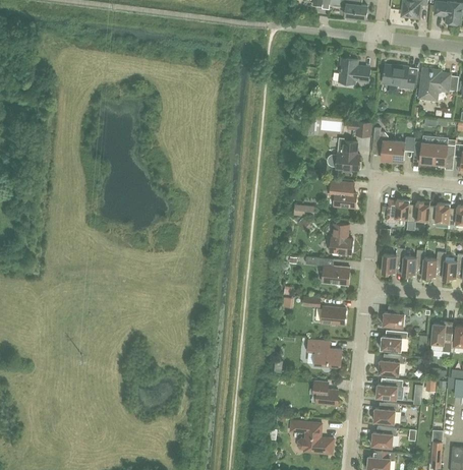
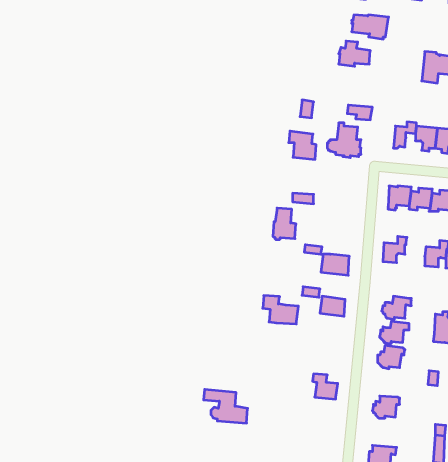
building: [383,65,418,89] -> [352,15,389,39]
building: [372,126,394,162] -> none
building: [330,180,356,208] -> [289,131,316,159]
building: [330,223,352,253] -> [273,208,296,240]
building: [402,249,425,275] -> none
building: [307,339,342,366] -> [263,296,298,324]
building: [374,377,403,400] -> none
building: [290,420,333,453] -> [204,389,248,423]
building: [369,426,396,448] -> none

